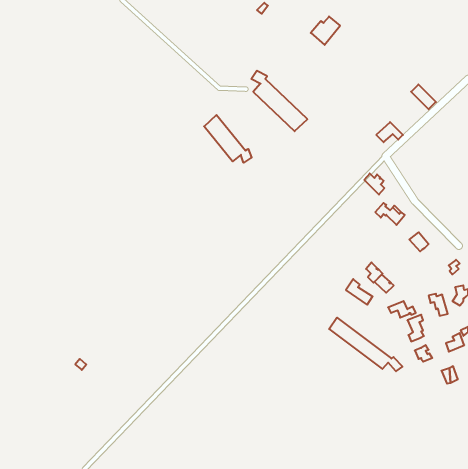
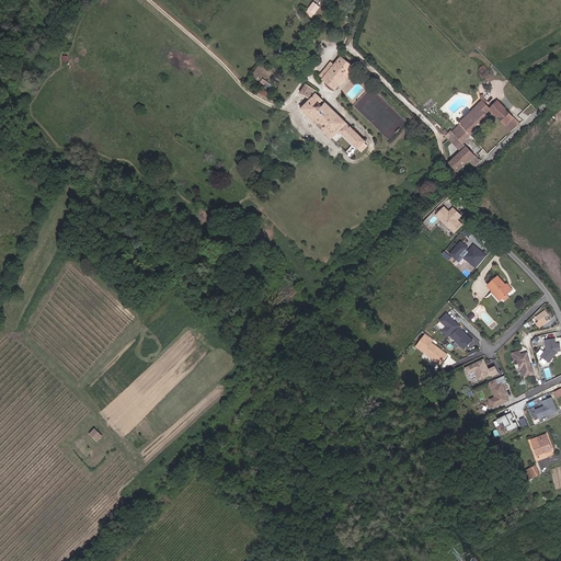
building: [311,16,340,45] -> [320,56,355,90]
building: none -> [445,99,492,150]
building: [204,115,252,163] -> none
building: [329,318,402,371] -> none

